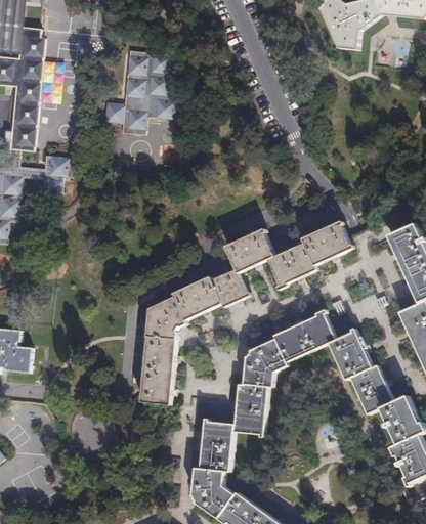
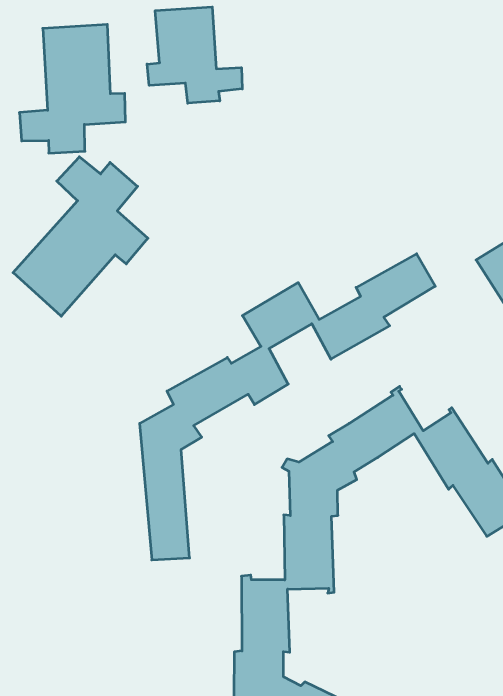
building: none -> [147,7,242,103]
building: none -> [13,157,148,316]

